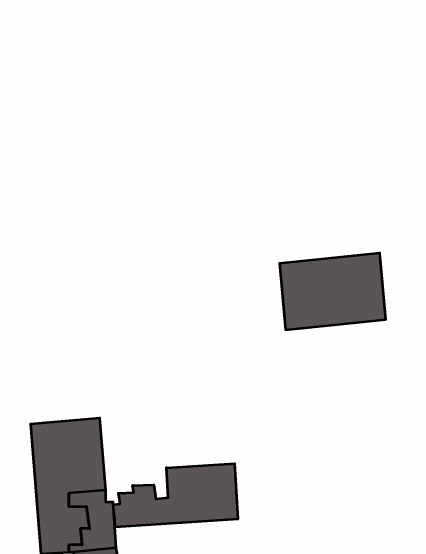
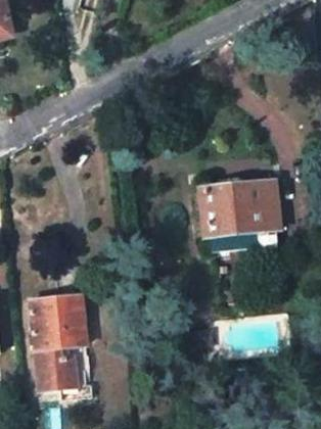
building: [113,464,238,527] -> none

